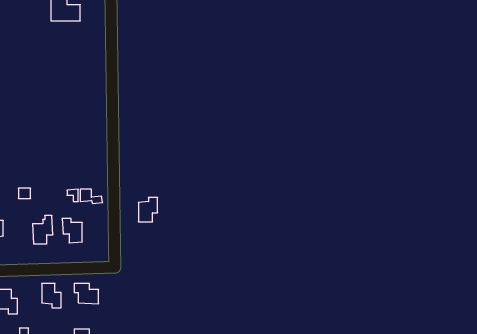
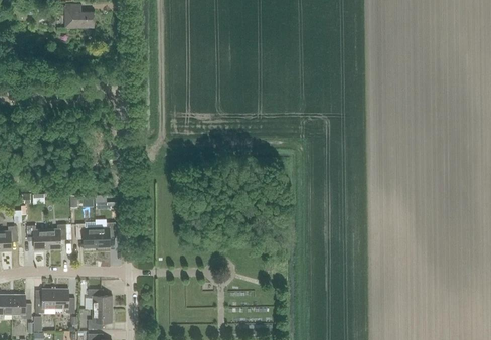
building: [138,197,158,222] -> [96,223,115,247]
building: none -> [26,226,47,249]
building: none -> [35,289,55,313]
building: none -> [88,308,112,328]

